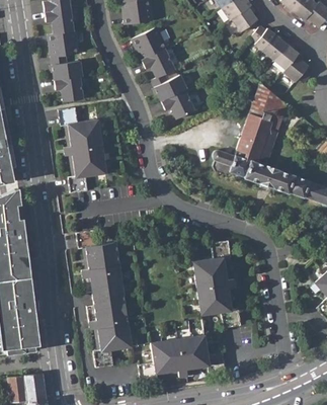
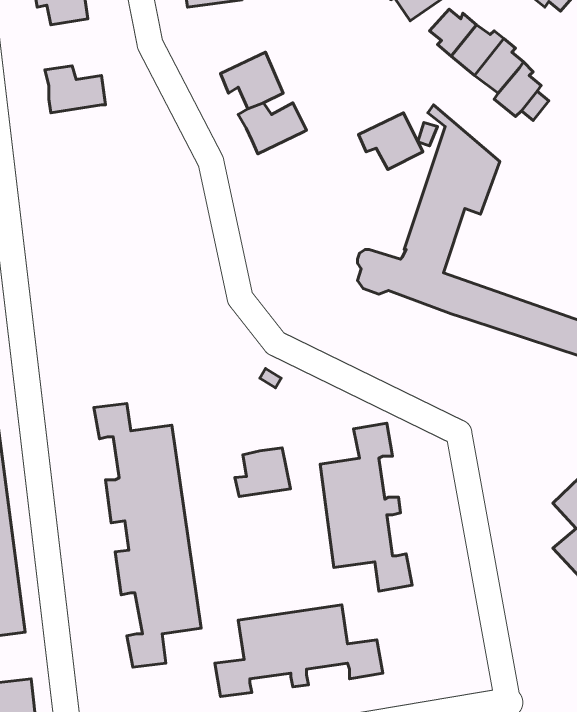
building: [132,26,167,59] -> none
building: [48,30,79,57] -> none
building: [54,75,83,100] -> none
building: [161,89,194,118] -> [358,113,423,169]
building: [59,106,105,192] -> none
building: none -> [235,448,290,497]

